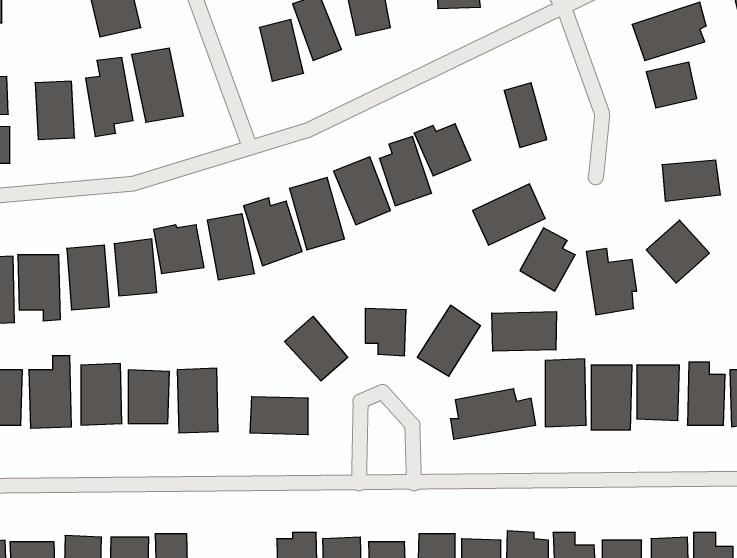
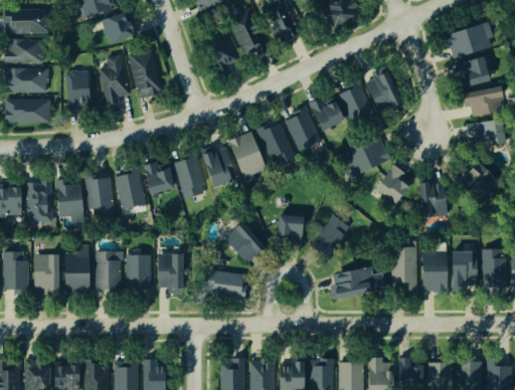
building: none -> [338,82,373,125]
building: none -> [462,86,504,116]
building: [492,312,557,351] -> none

